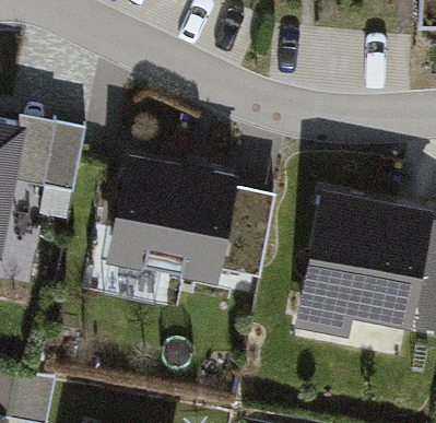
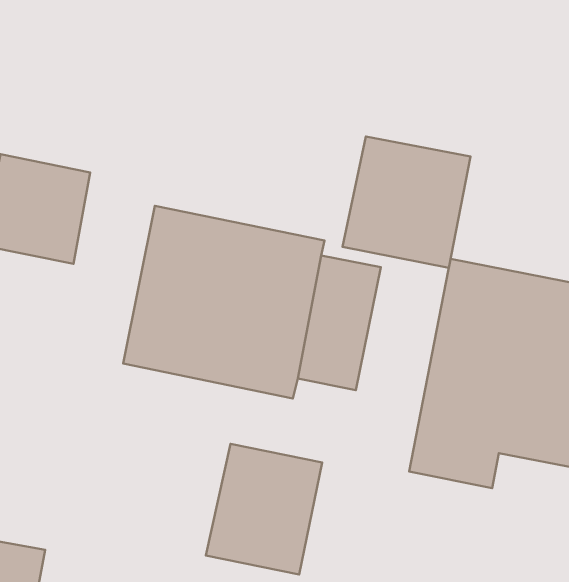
building: none -> [342,137,471,268]
building: none -> [206,444,322,575]

